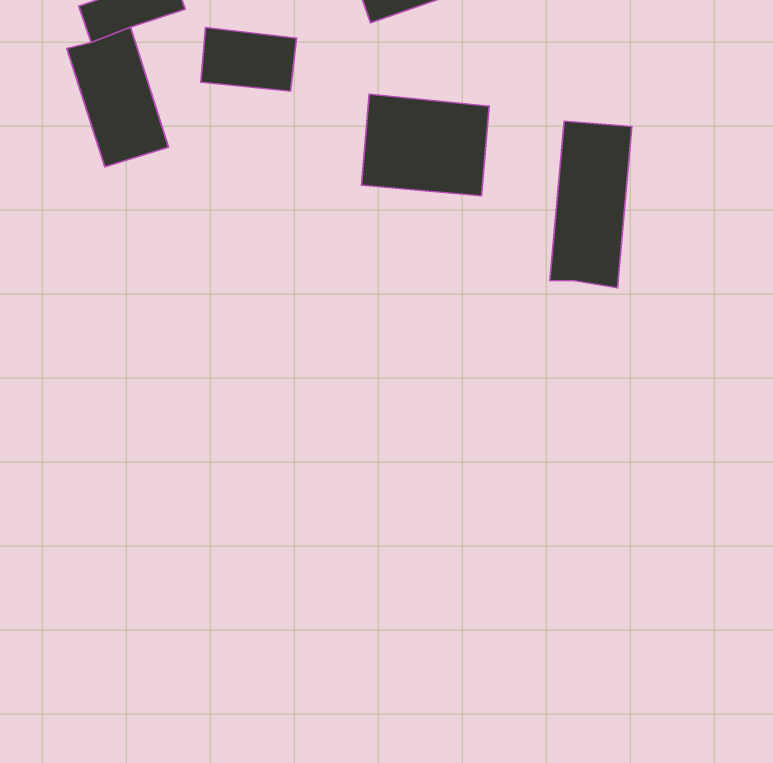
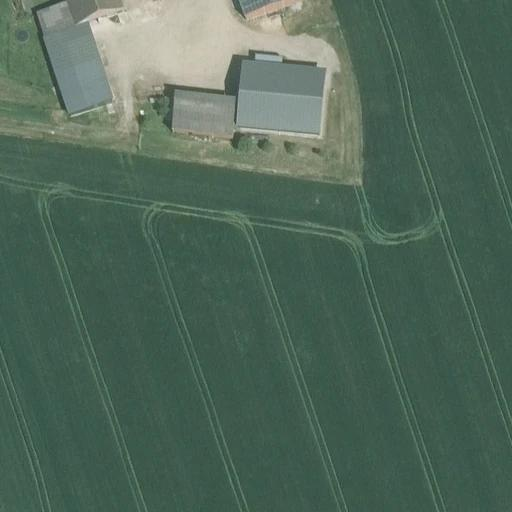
building: [201,28,297,91] -> [171,91,234,133]
building: [550,121,632,288] -> none

